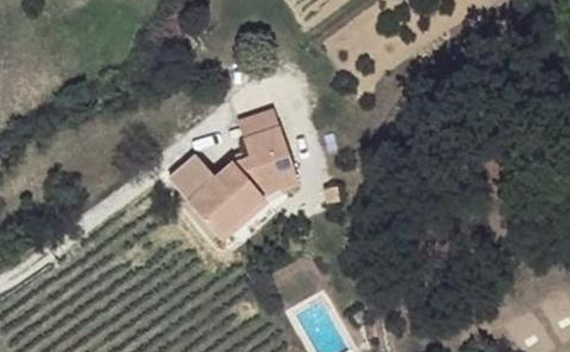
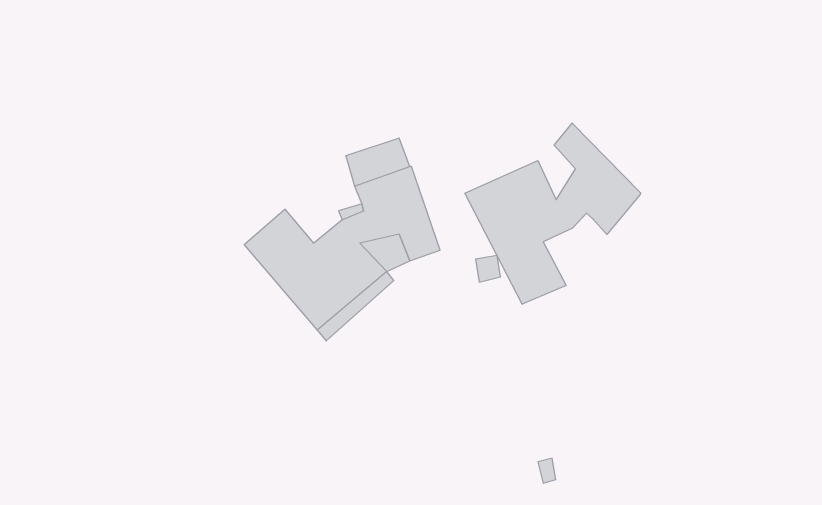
building: none -> [465,123,641,304]

